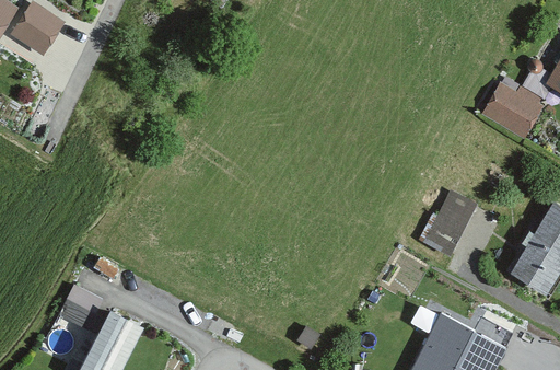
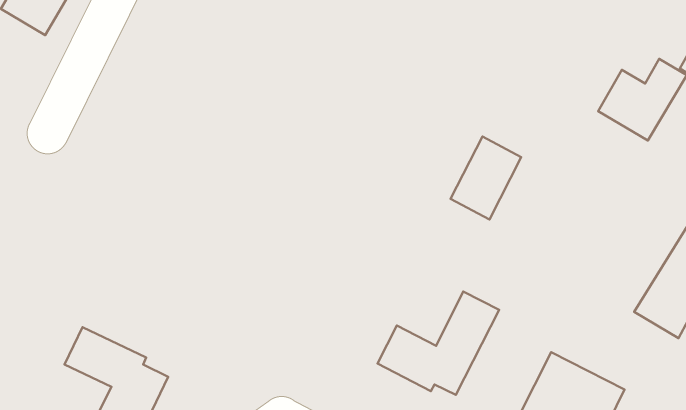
building: [419,192,475,257] -> [451,136,521,219]
building: none -> [377,291,499,395]

